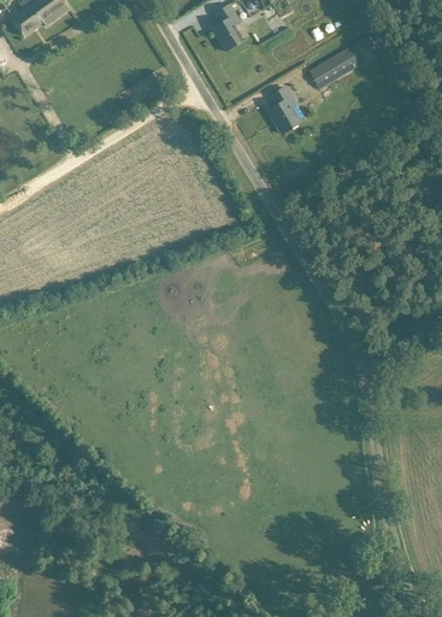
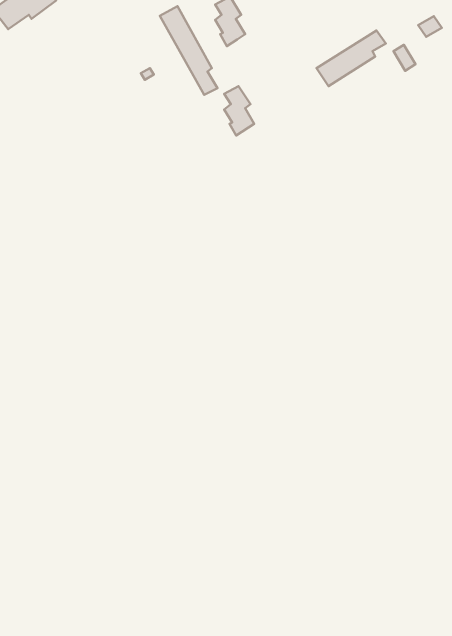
building: none -> [160,6,217,95]
building: [271,87,299,133] -> [224,86,254,136]

